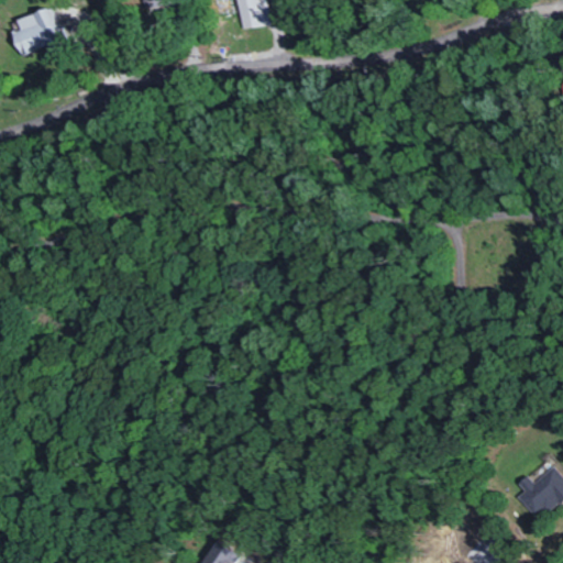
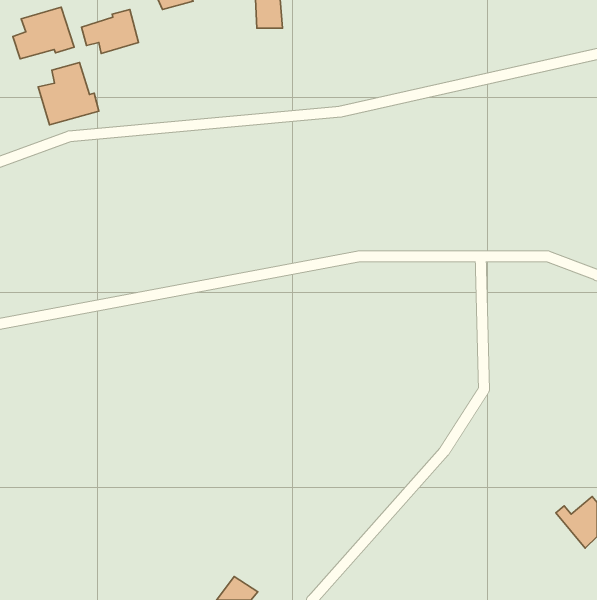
building: none -> [81,9,138,54]
building: none -> [38,63,99,125]

